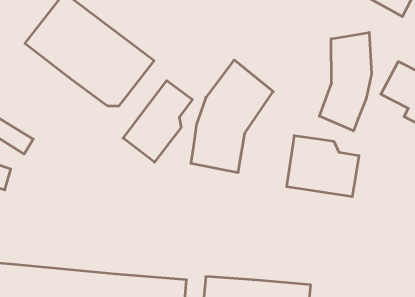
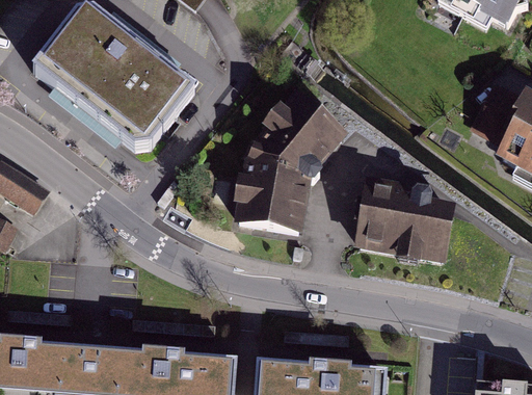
building: [319,32,372,131] -> none
building: [123,81,192,162] -> none

